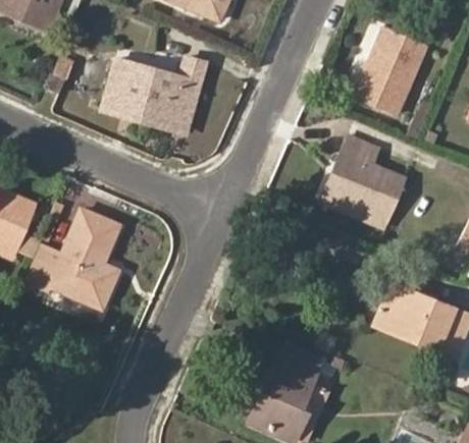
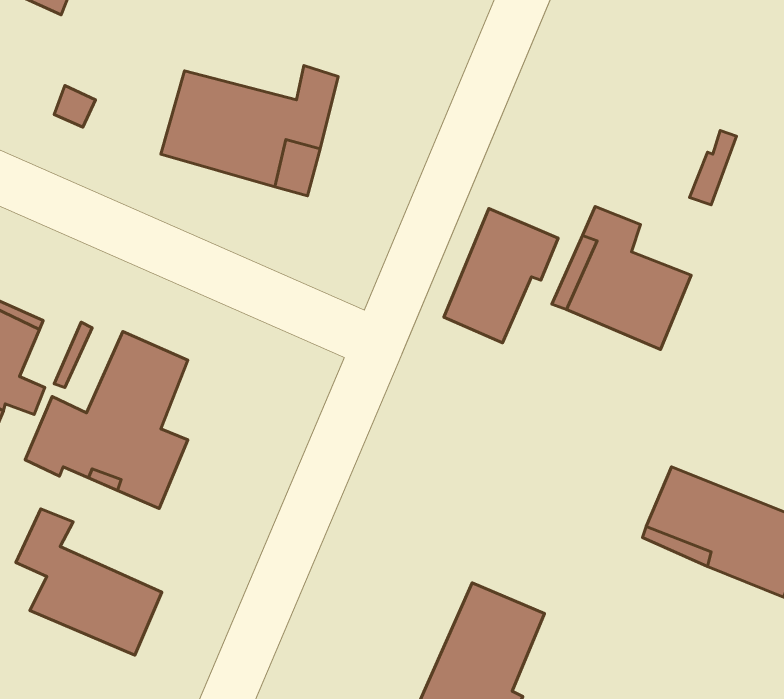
building: [347,31,425,114] -> none
building: none -> [444,208,558,343]
building: none -> [16,509,162,655]

